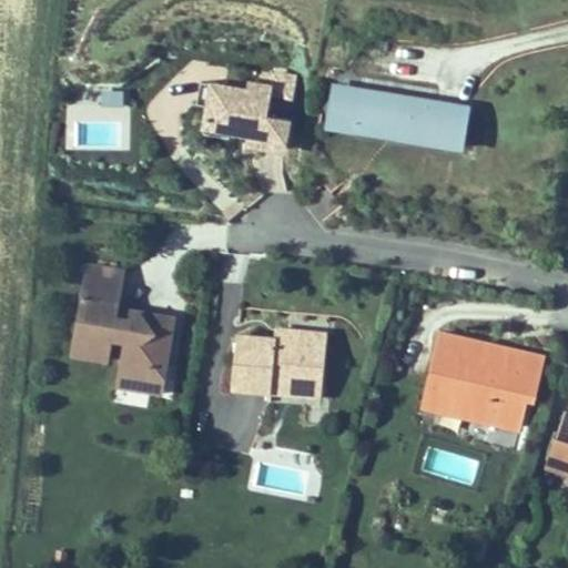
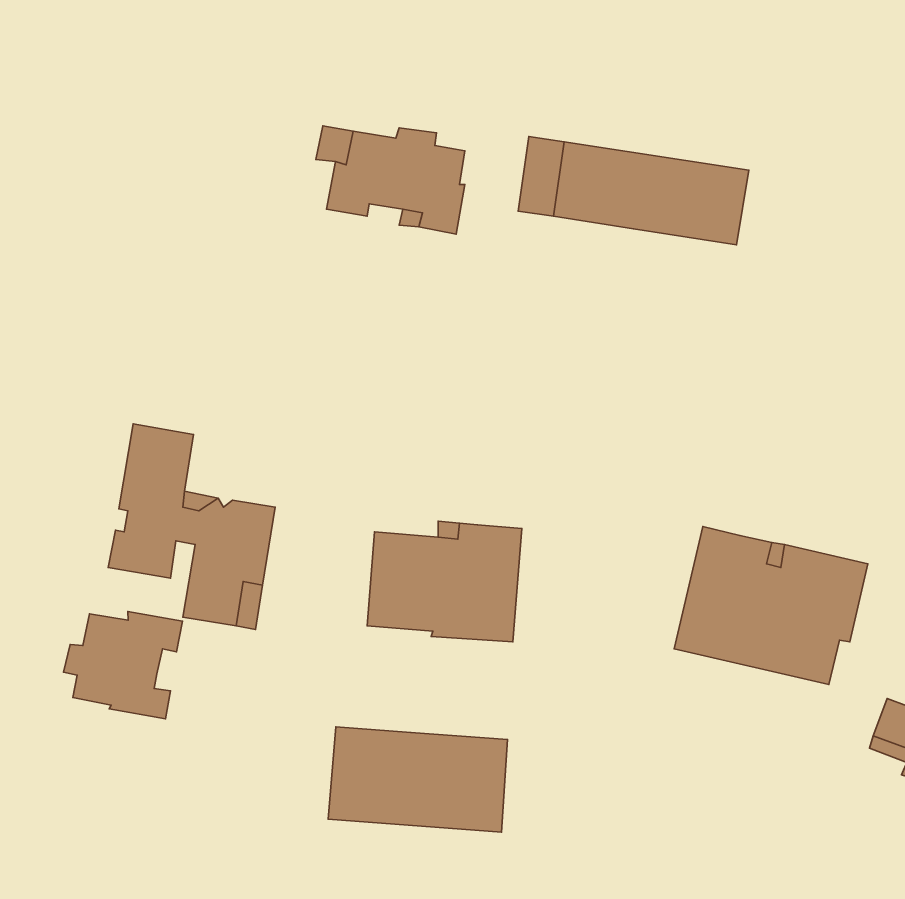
building: none -> [63,611,182,719]
building: none -> [328,727,508,832]

